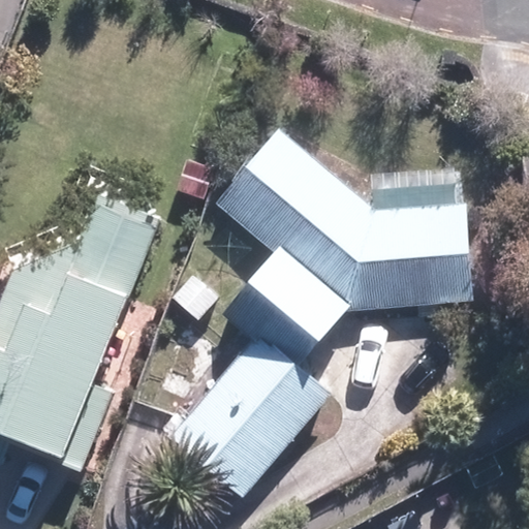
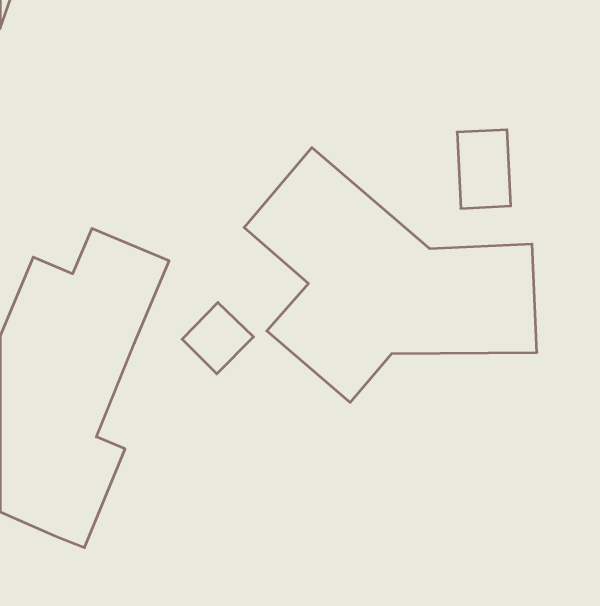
building: [167,332,329,500] -> none

